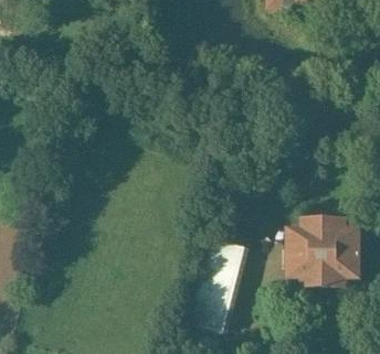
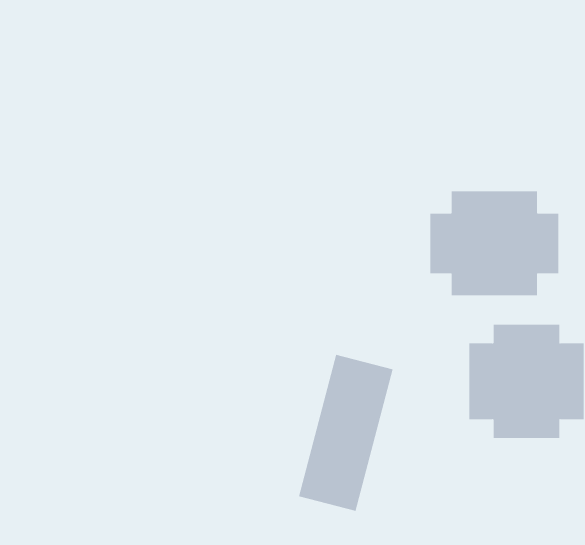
building: none -> [430,191,559,296]

